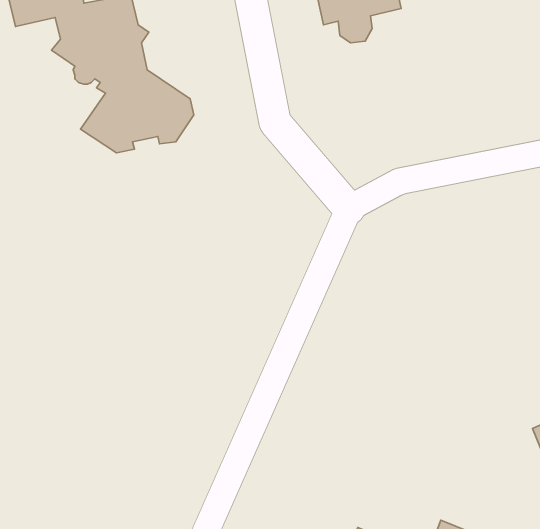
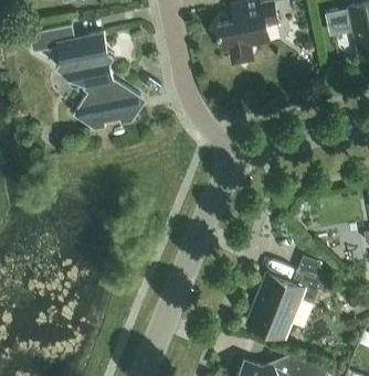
building: none -> [247,269,321,337]

